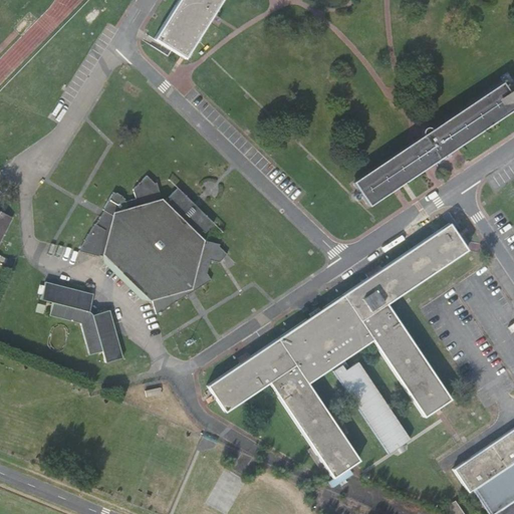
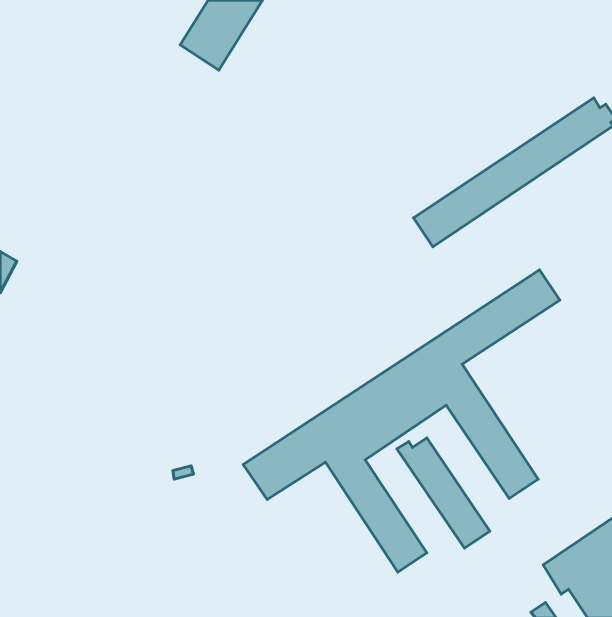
building: [81,176,229,314] -> none
building: [41,282,123,361] -> none

